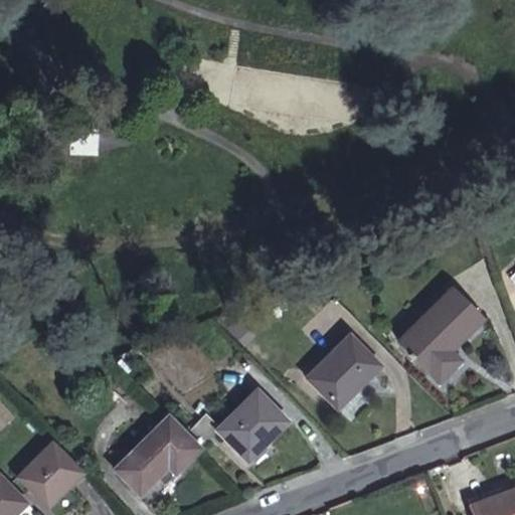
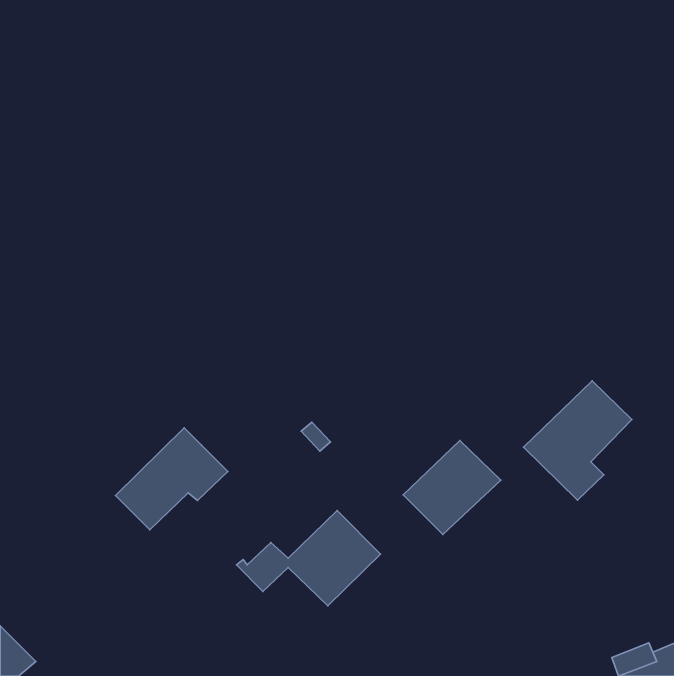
building: [116,416,201,494] -> [116,428,228,530]
building: [19,443,82,505] -> none

